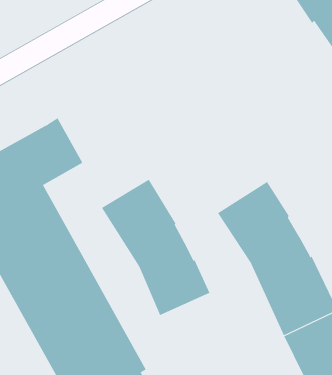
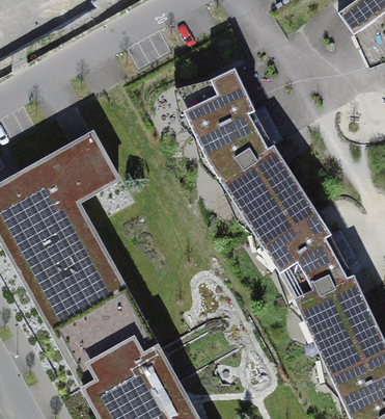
building: none -> [180,70,307,232]
building: [101,179,210,316] -> none

